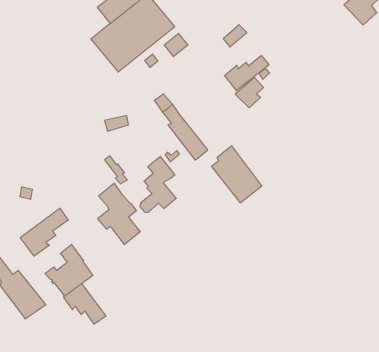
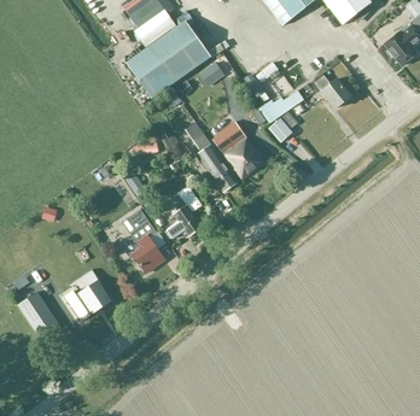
building: none -> [313,74,350,107]
building: [212,146,262,203] -> [214,121,263,178]
building: [20,208,68,256] -> none
building: [64,284,106,324] -> none

